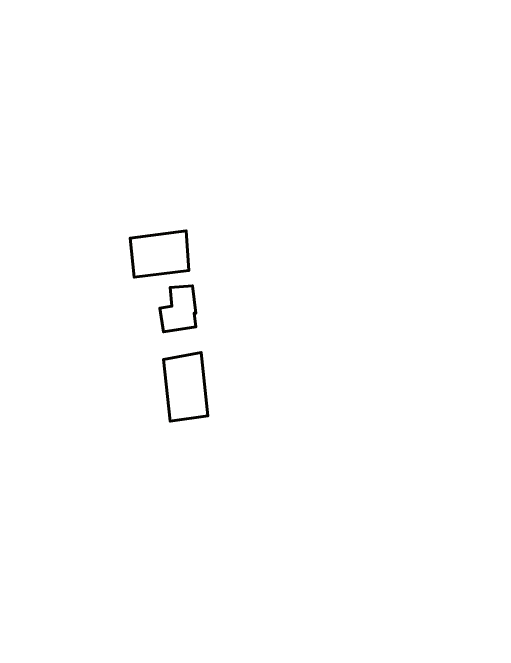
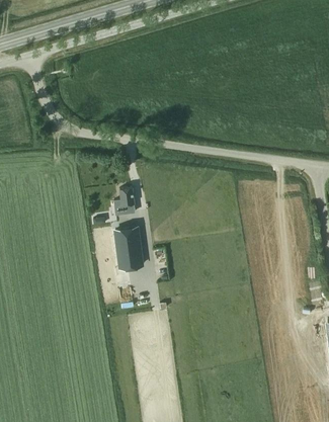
building: [130,231,189,277] -> none

